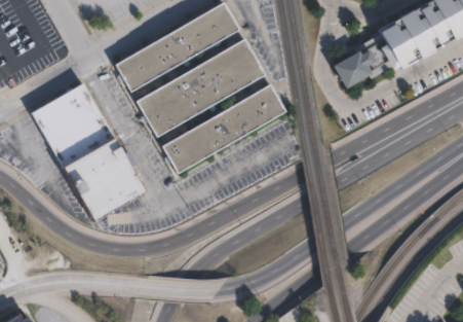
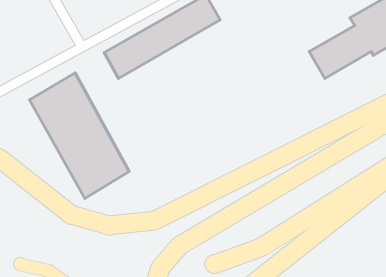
building: [136,38,264,137] -> none
building: [161,83,285,173] -> none

